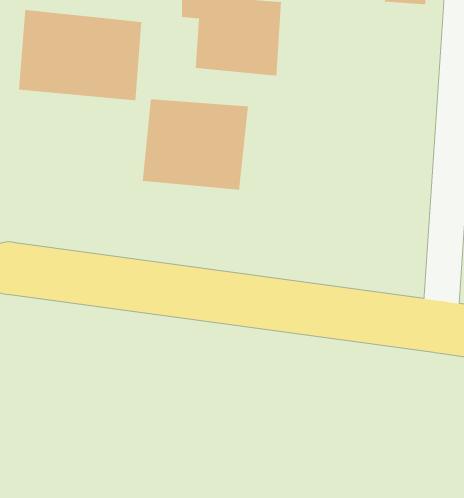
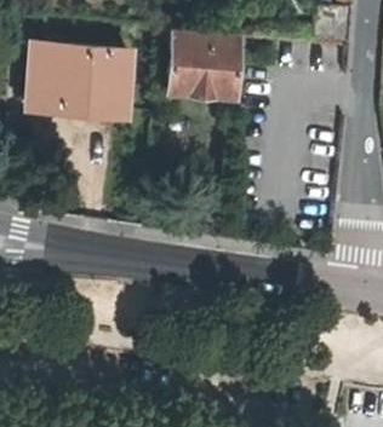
building: [142,98,248,191] -> none

